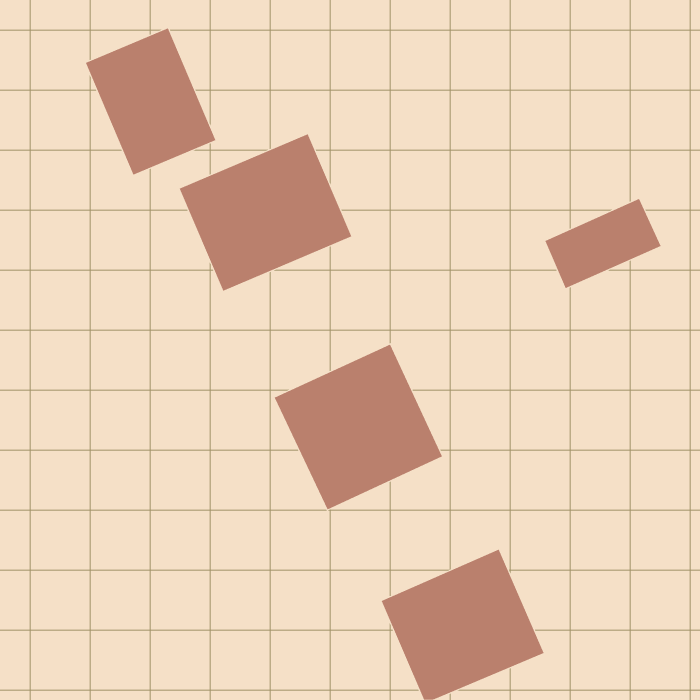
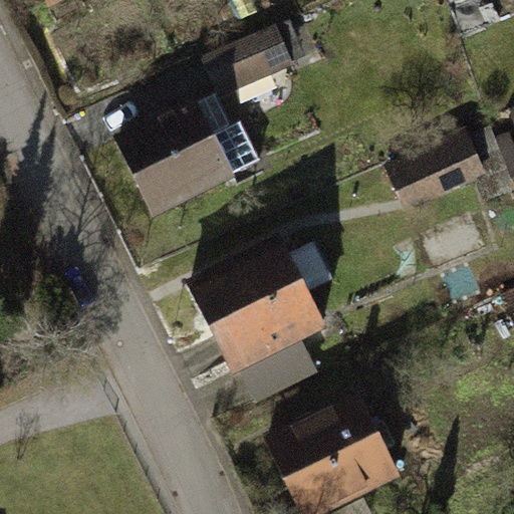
building: [85,27,216,176] -> none
building: none -> [208,22,289,90]

